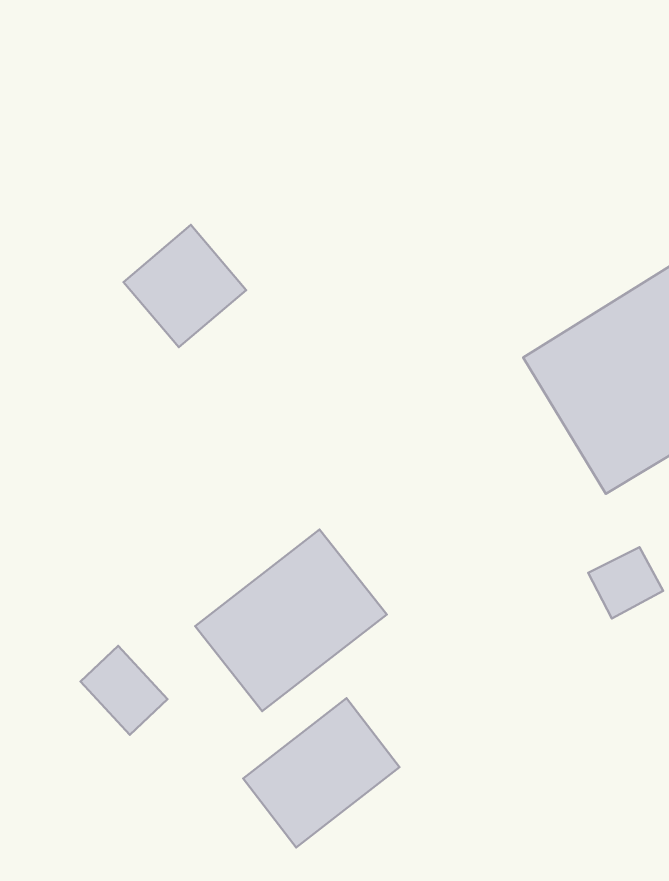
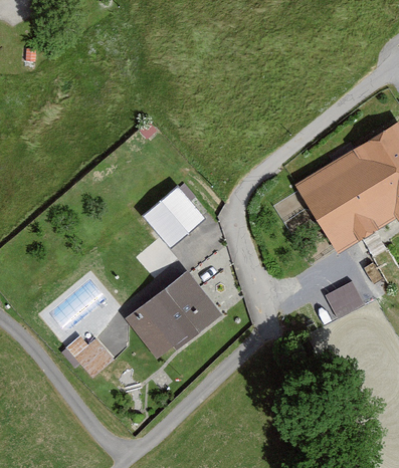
building: [124,225,246,347] -> [144,184,206,246]
building: [243,698,399,848] -> none

